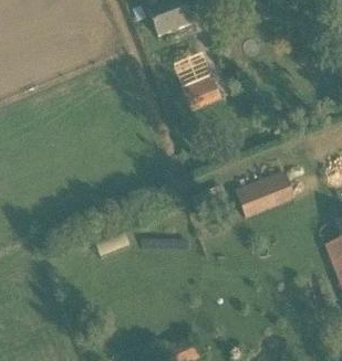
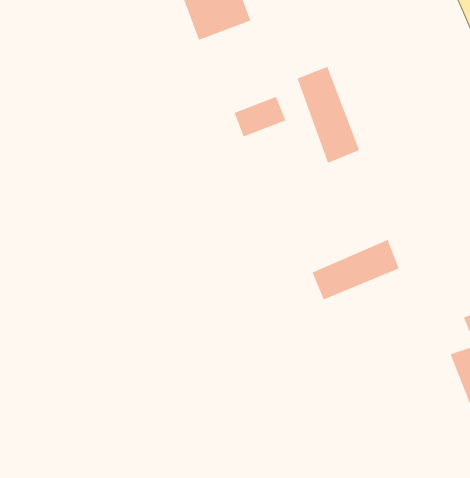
building: none -> [296,66,360,164]

